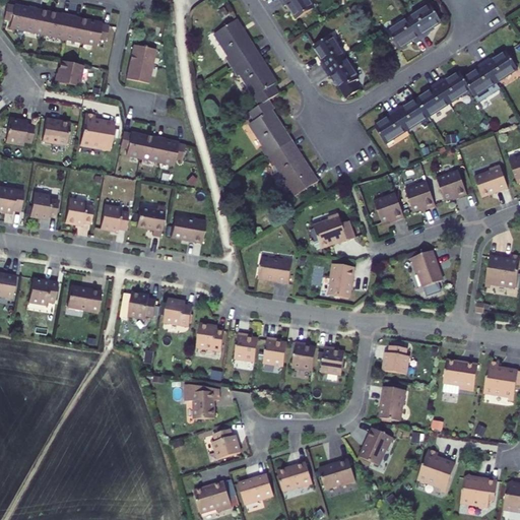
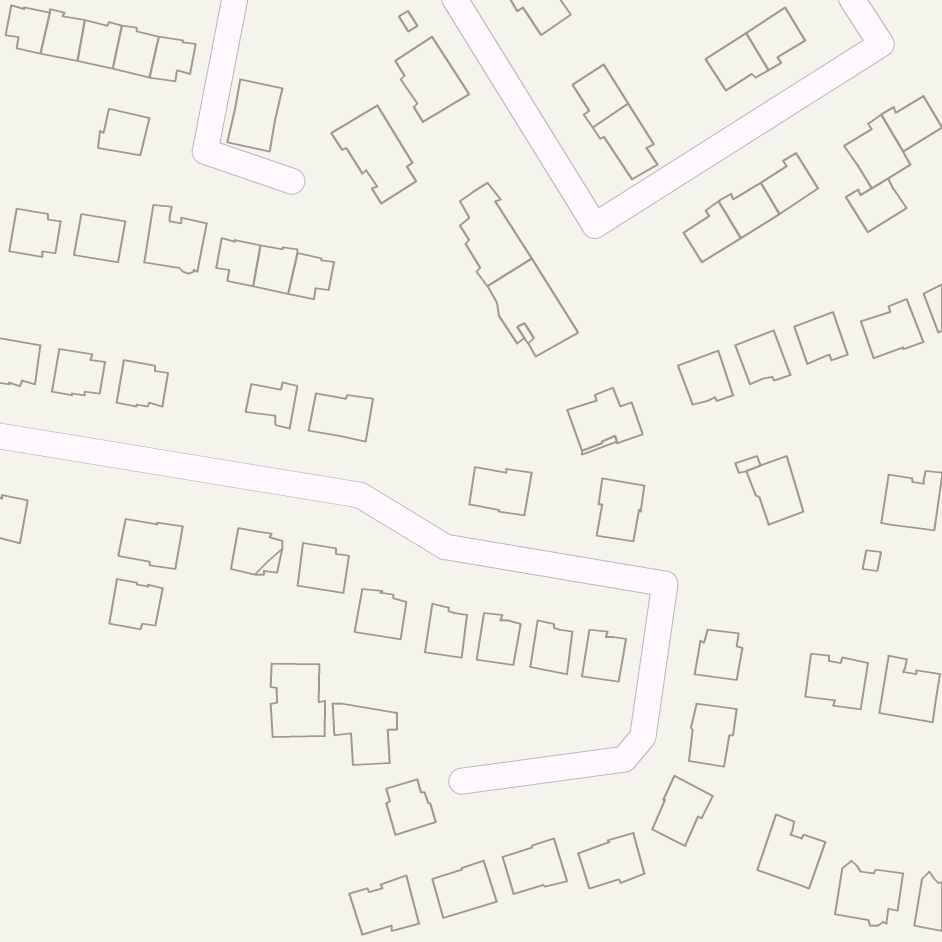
building: [233,52,279,106] -> [331,105,416,203]
building: [438,74,471,104] -> [846,179,907,232]
building: [99,204,128,230] -> none
building: [27,277,57,305] -> [109,579,163,629]
building: none -> [271,663,325,737]

